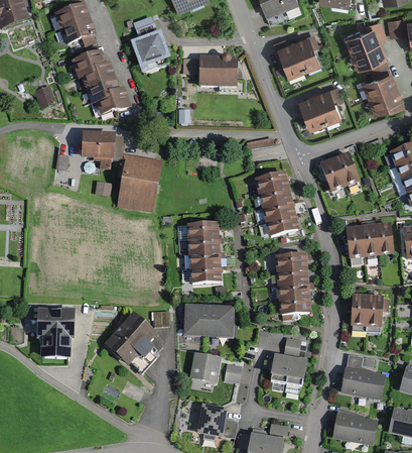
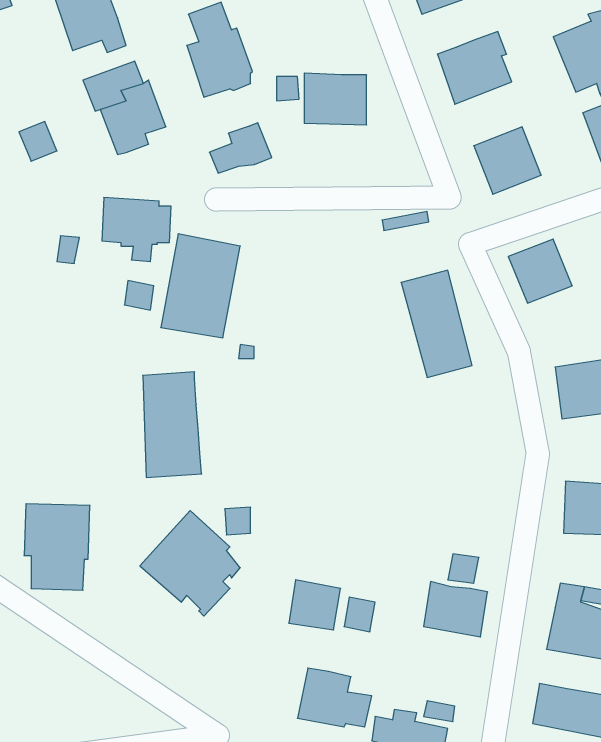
building: [96,87,132,116] -> [209,123,272,173]
building: [187,223,222,285] -> [143,372,202,477]
building: [277,255,307,315] -> none
building: [183,305,233,337] -> none

